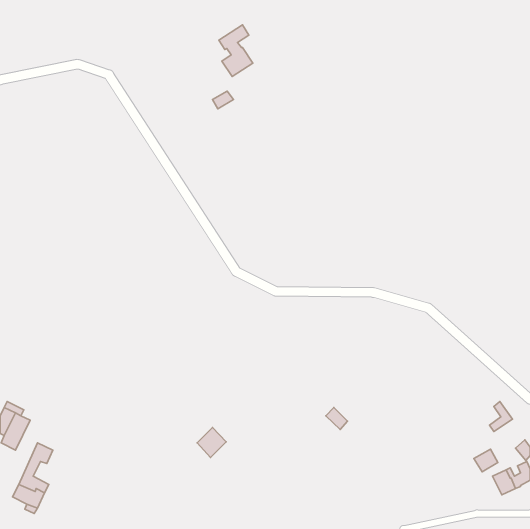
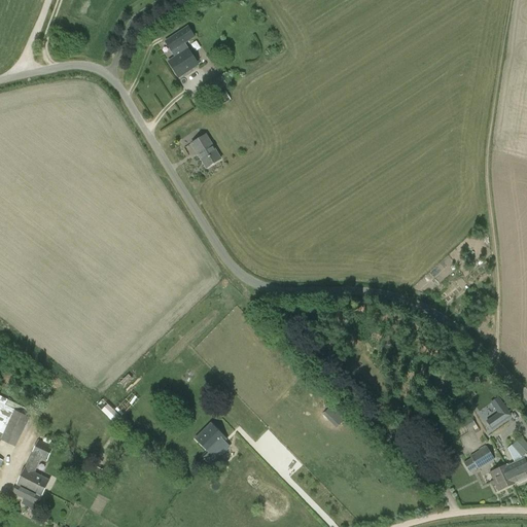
building: [219,25,253,77] -> [165,26,199,77]
building: none -> [190,135,220,169]

